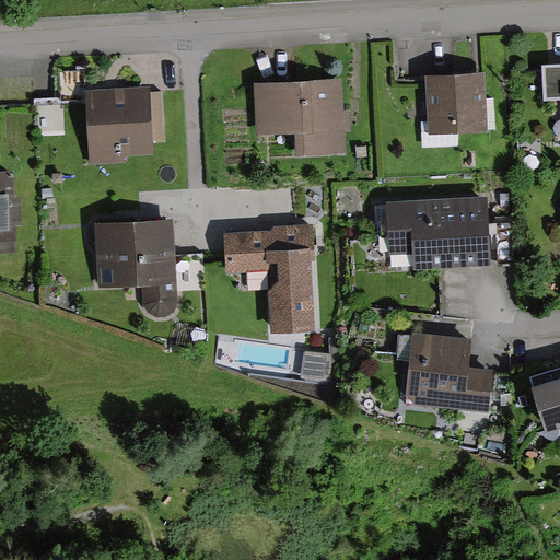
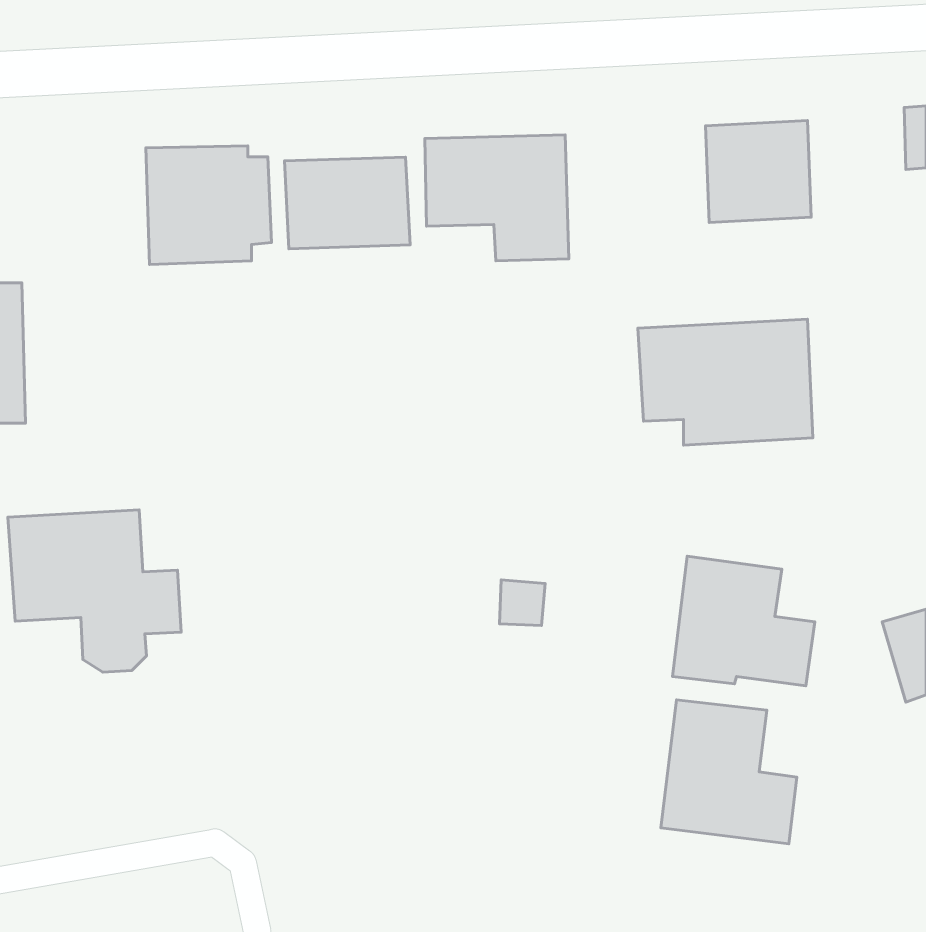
building: none -> [284,157,410,249]
building: [93,220,197,317] -> [8,510,181,672]
building: [222,226,313,335] -> none
building: none -> [661,700,797,844]

